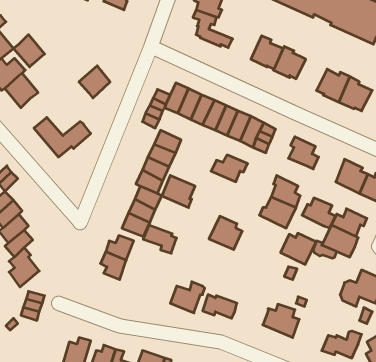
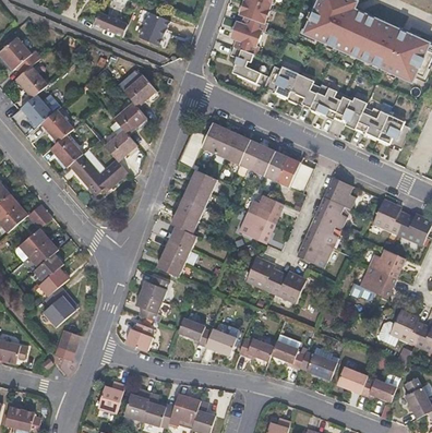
building: none -> [265,64,299,96]
building: [13,35,45,67] -> [49,135,81,168]
building: none -> [123,76,154,108]
building: none -> [334,93,367,129]
building: none -> [104,130,136,161]
building: [162,175,195,208] -> [239,209,273,242]
building: [302,198,335,228] -> [314,196,348,227]
building: [143,225,177,253] -> [178,315,212,344]
building: [281,233,316,264] -> [271,269,307,301]
building: none -> [125,322,153,350]
building: none -> [272,338,305,366]
building: none -> [336,364,368,392]

